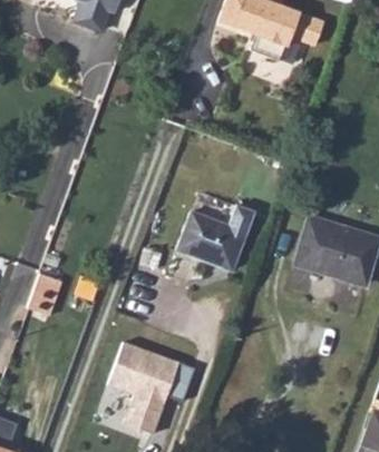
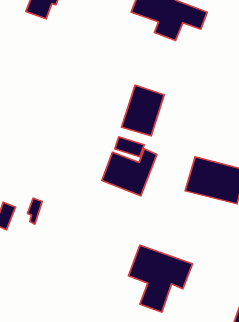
building: none -> [122,85,164,136]
building: [107,343,195,435] -> [129,245,192,312]

